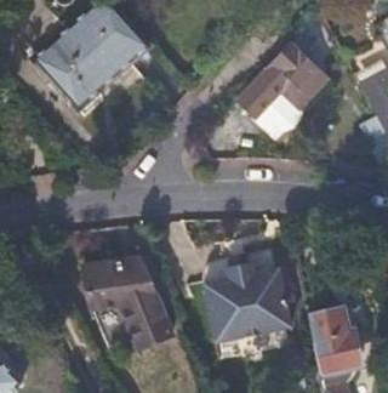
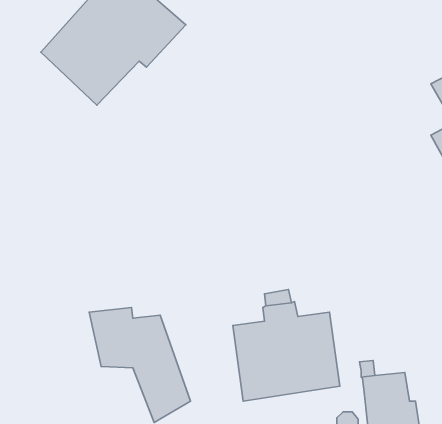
building: [241,45,330,132] -> none

